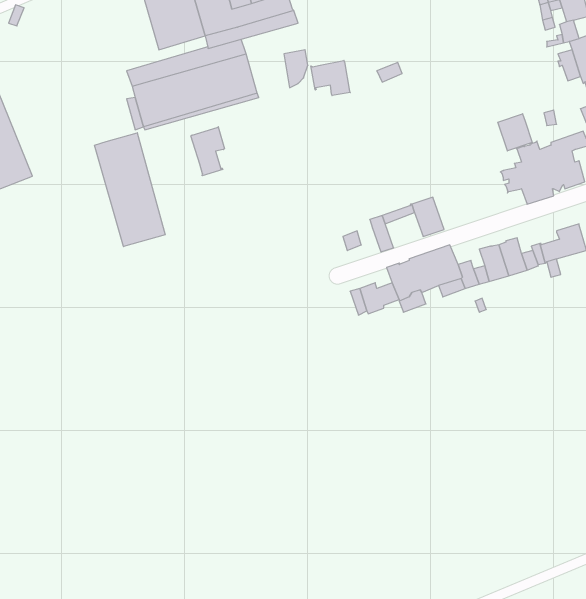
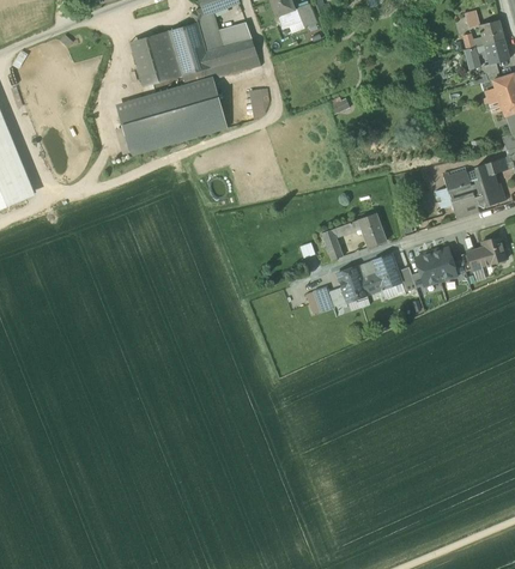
building: [311,60,350,96] -> none
building: [498,114,532,151] -> none
building: [191,127,225,176] -> none
building: [94,133,165,247] -> none

